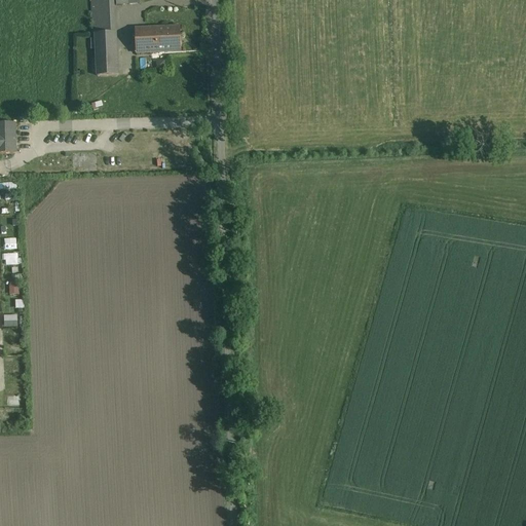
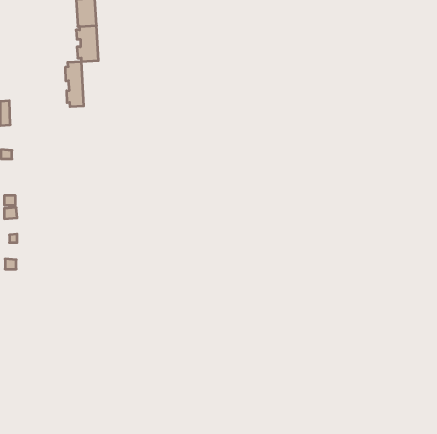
building: [135,24,181,51] -> none
building: none -> [66,62,84,107]

